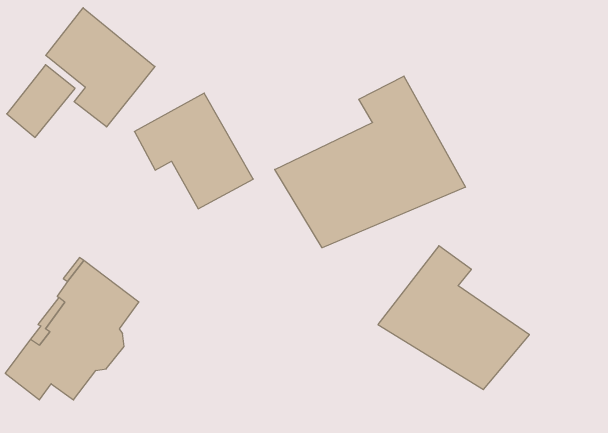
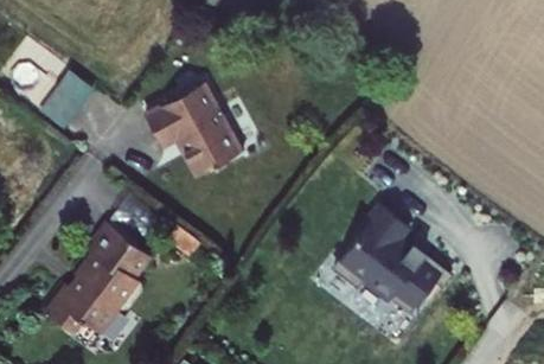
building: [46,8,155,127] -> none
building: [275,76,465,248] -> none

